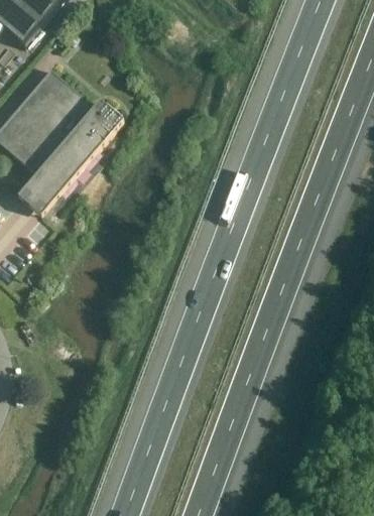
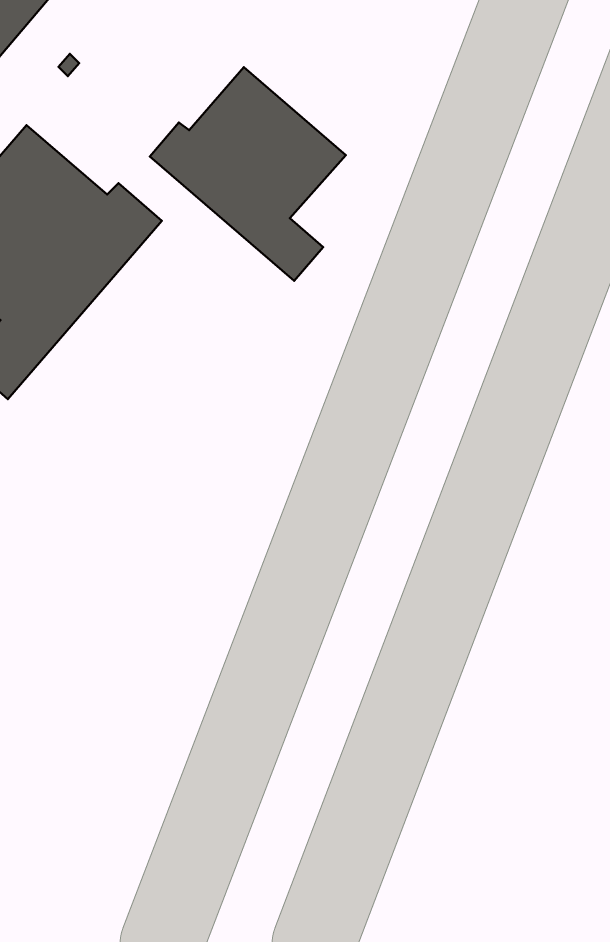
building: none -> [150,67,346,281]

